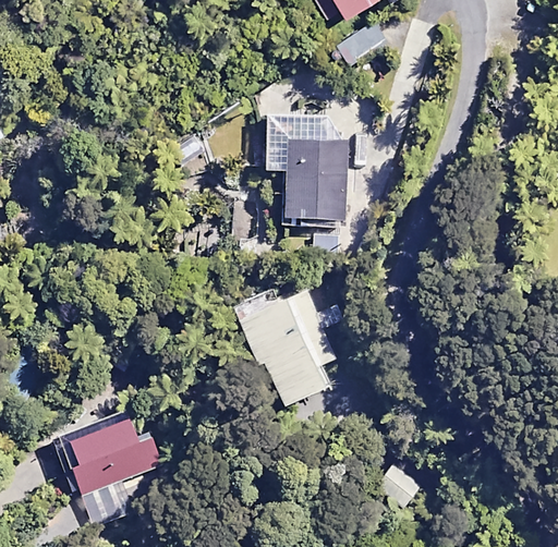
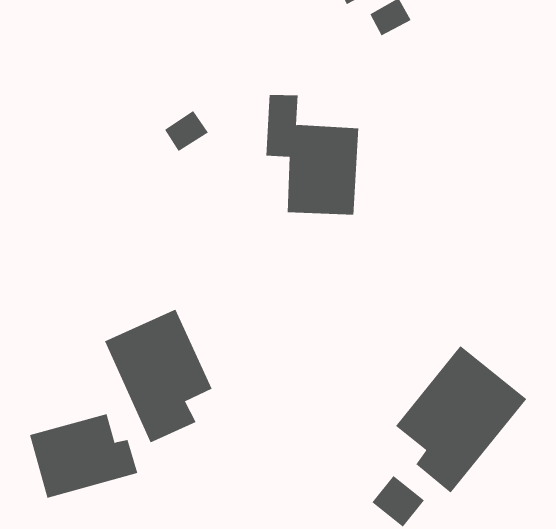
building: [238,281,340,406] -> [104,309,213,443]
building: none -> [395,345,527,494]

